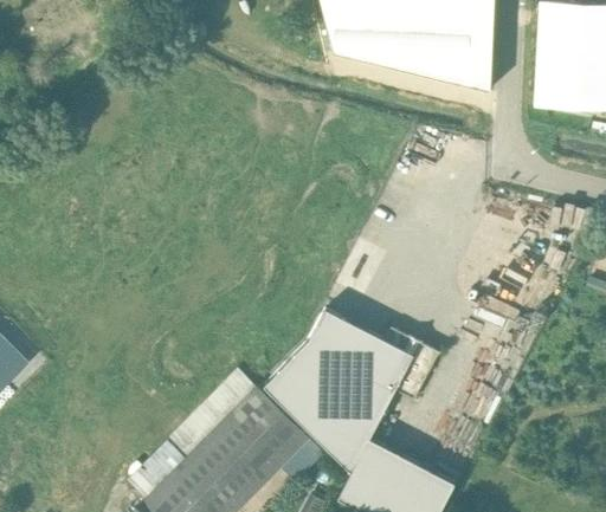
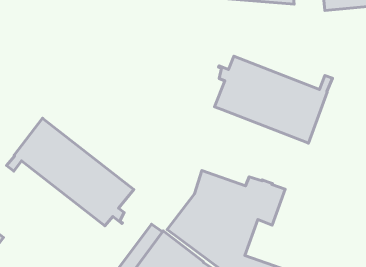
building: none -> [214,56,332,143]
building: none -> [6,118,134,226]

